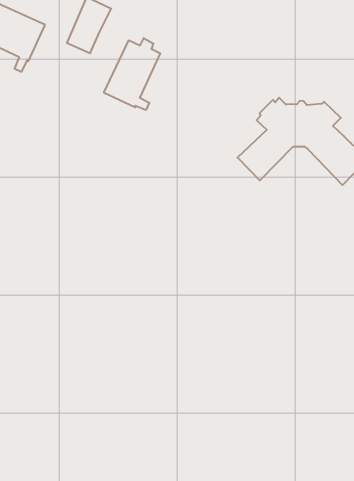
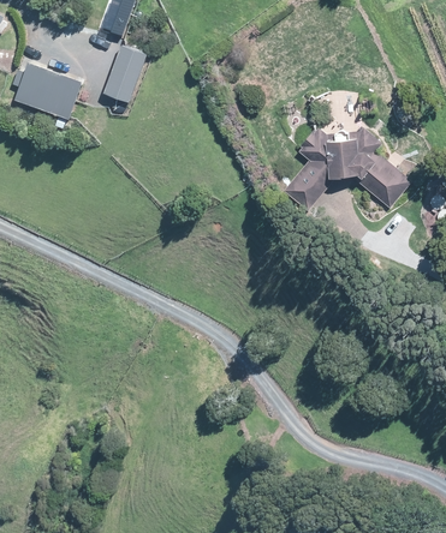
building: [104,38,160,110] -> none

